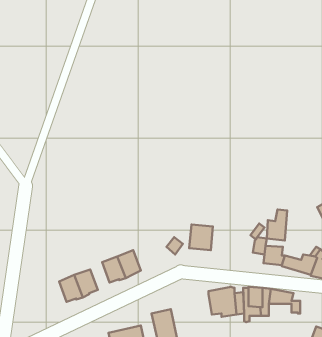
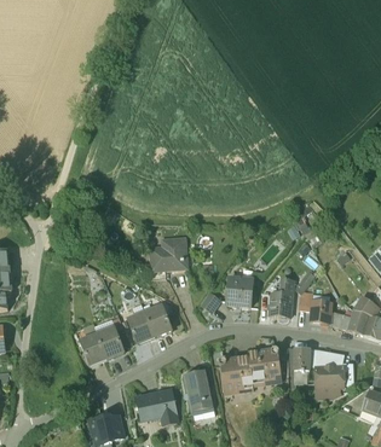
building: none -> [151,239,187,272]
building: [267,209,287,241] -> [270,280,293,315]
building: none -> [217,355,252,390]
building: none -> [316,366,341,387]

